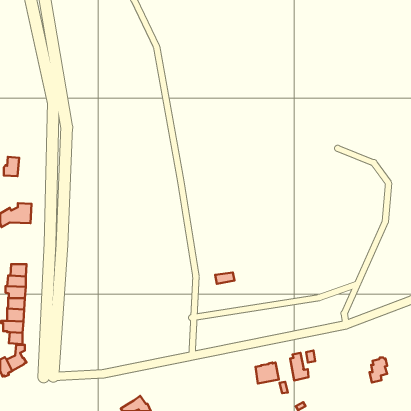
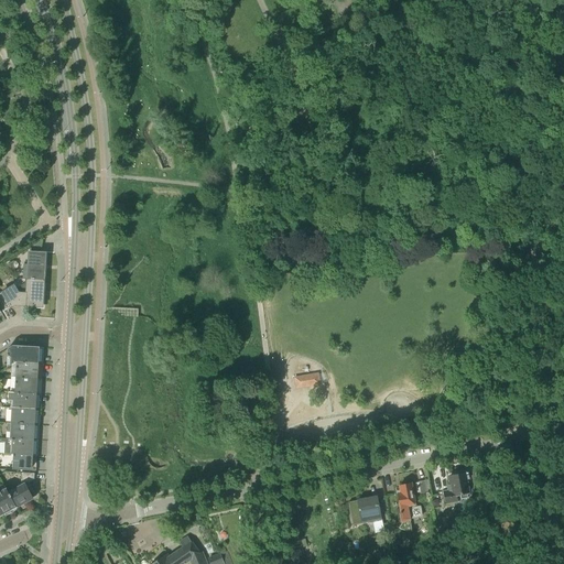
building: [4,157,19,176] -> [25,252,46,279]
building: none -> [9,345,39,365]
building: [369,358,387,383] -> [446,470,470,505]

